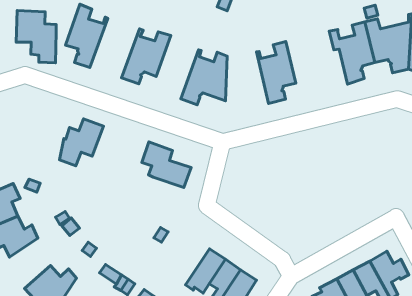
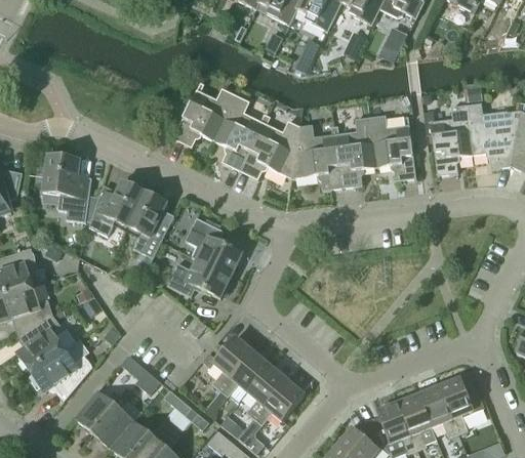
building: [65,4,108,68] -> [213,94,267,170]
building: [16,11,56,63] -> [42,155,91,221]
building: none -> [370,115,416,180]
building: none -> [291,124,341,190]
building: none -> [127,192,174,272]
building: none -> [166,258,231,297]
building: none -> [15,315,64,372]
building: none -> [202,336,252,389]

